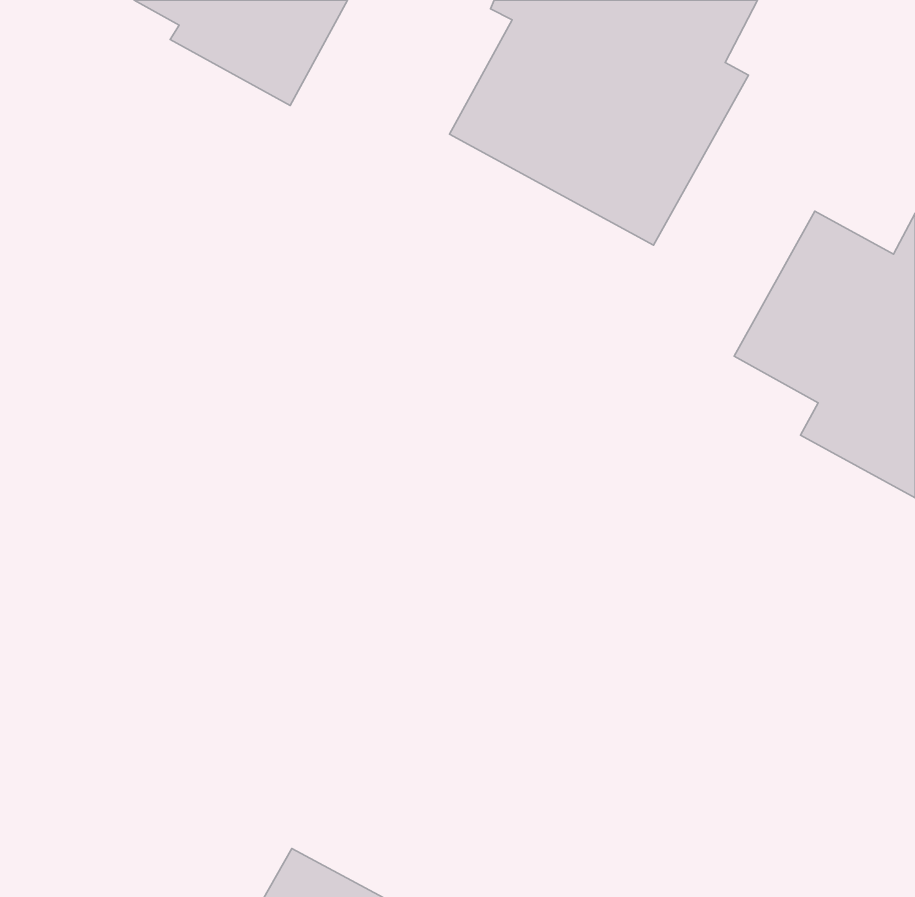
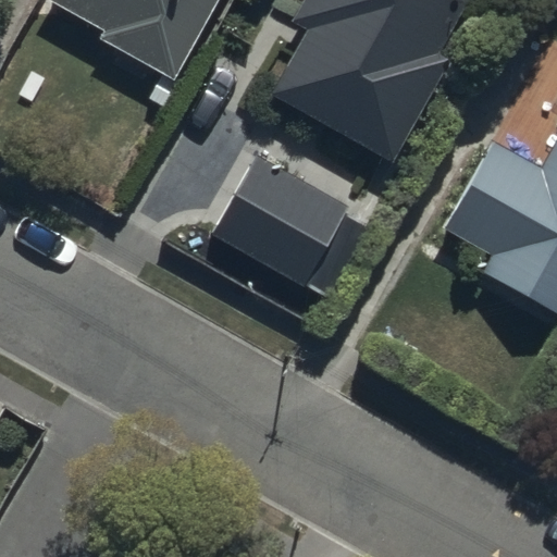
building: none -> [214,157,347,284]

